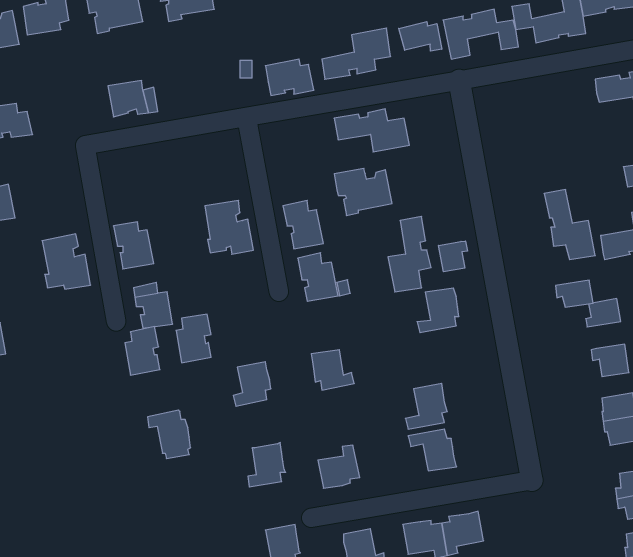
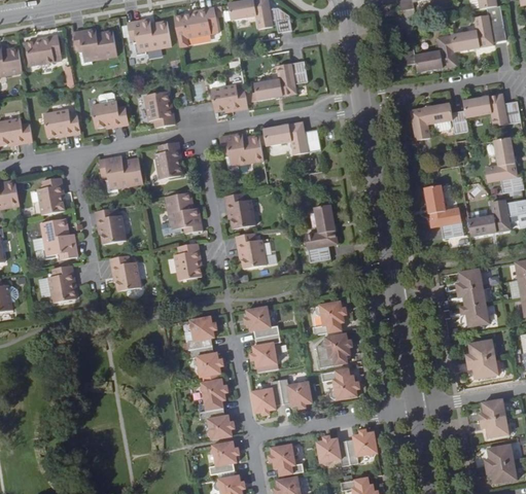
building: [443,9,518,59] -> [411,102,468,140]
building: [399,22,442,51] -> none
building: none -> [144,92,175,128]
building: none -> [43,110,80,137]
building: none -> [154,142,182,179]
building: none -> [98,156,143,192]
building: [334,168,392,216] -> [219,134,264,170]
building: none -> [37,178,64,215]
building: [439,241,467,272] -> none
building: [556,280,593,307] -> [457,285,486,306]
building: [417,288,459,333] -> [312,301,344,334]
building: [176,314,211,363] -> [174,243,201,280]
building: [125,327,160,375] -> [48,266,75,303]
building: none -> [252,332,280,367]
building: [148,410,191,459] -> [188,345,221,382]
building: none -> [278,378,312,407]
building: none -> [199,408,233,439]

